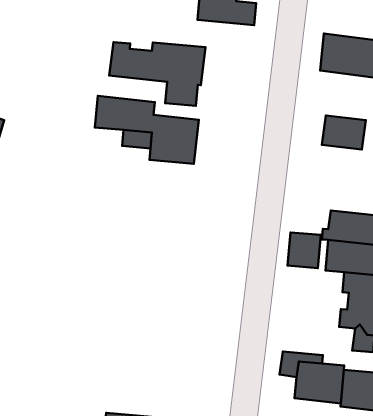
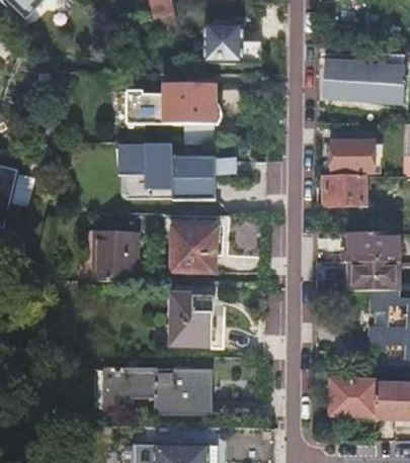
building: none -> [326,173,365,204]
building: none -> [98,227,144,280]
building: none -> [171,227,213,270]
building: [288,232,321,268] -> none
building: none -> [169,293,222,346]
building: none -> [101,367,209,413]

